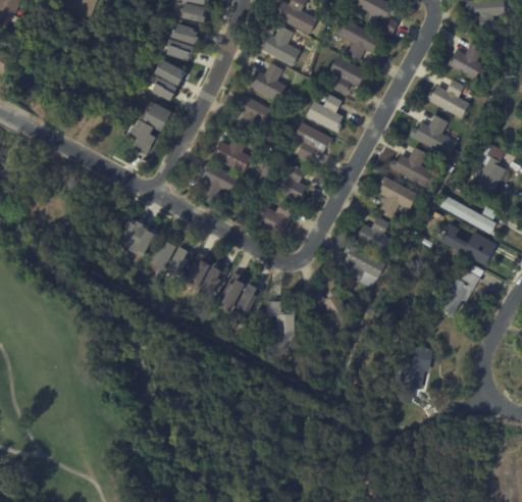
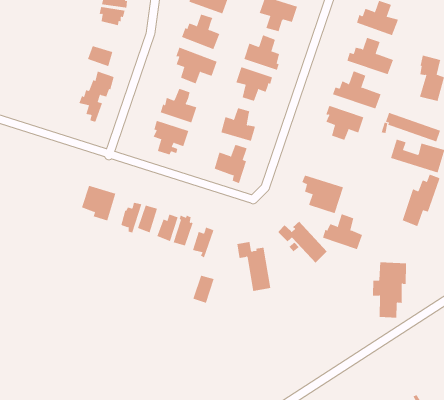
building: [152,58,182,85] -> none
building: [352,215,394,255] -> [322,213,363,250]
building: [237,283,262,312] -> [193,275,214,304]

